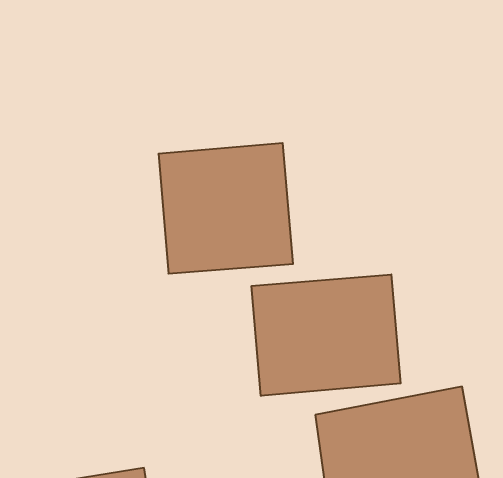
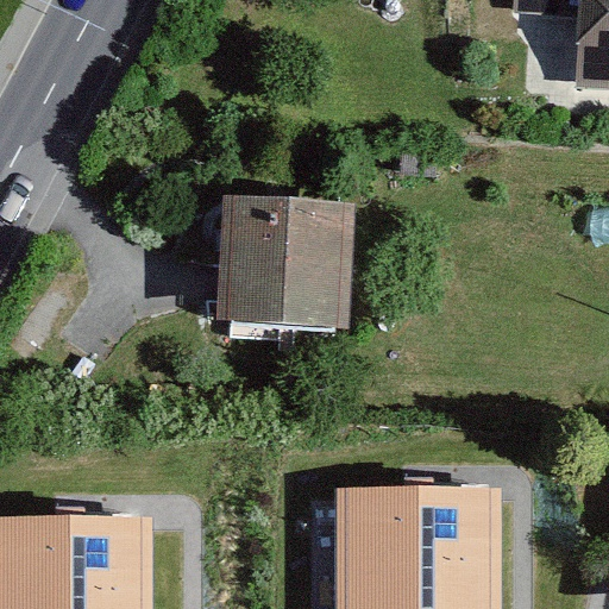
building: [252,274,401,396] -> none

